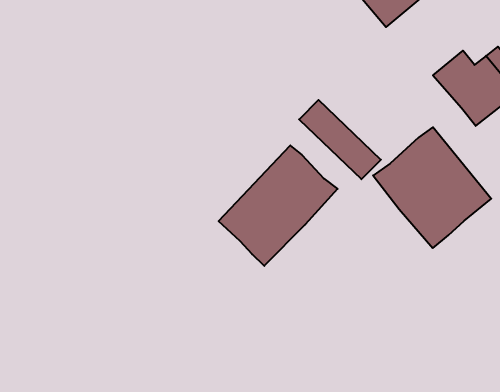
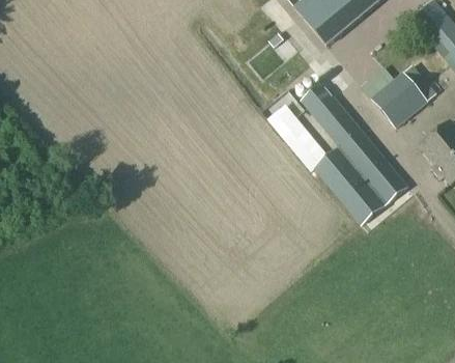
building: none -> [301,81,360,144]
building: [219,145,338,266] -> none

